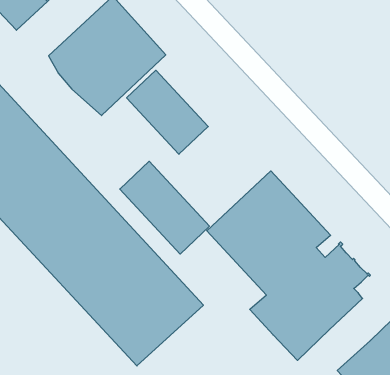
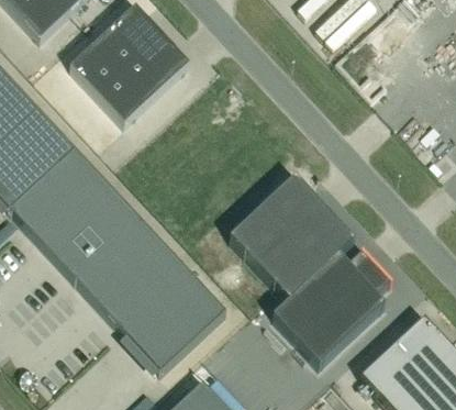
building: [127,70,208,154] -> none
building: [120,161,209,254] -> none

